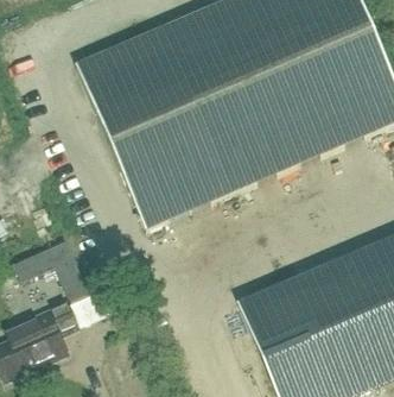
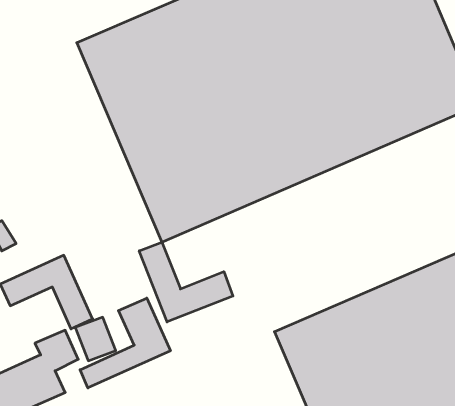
building: none -> [139,242,233,322]
building: none -> [80,298,170,388]

